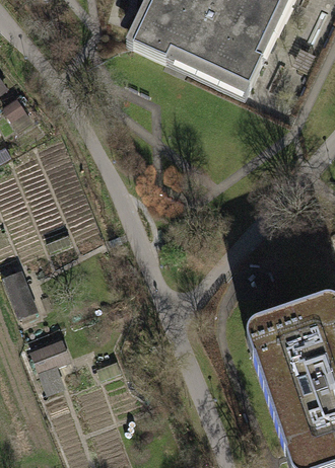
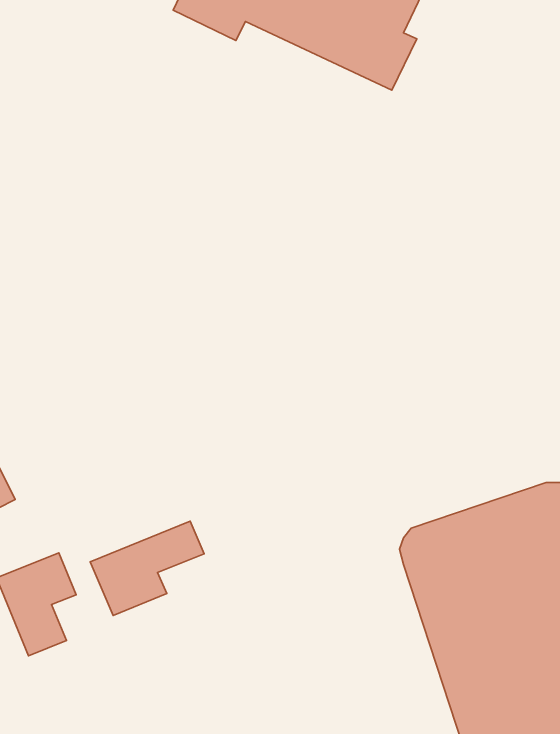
building: none -> [90,521,204,615]

